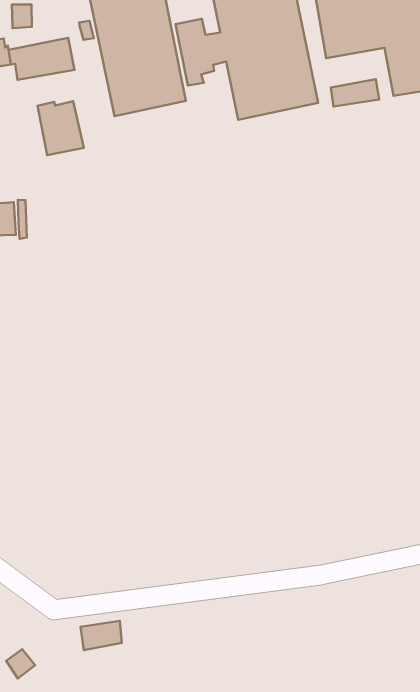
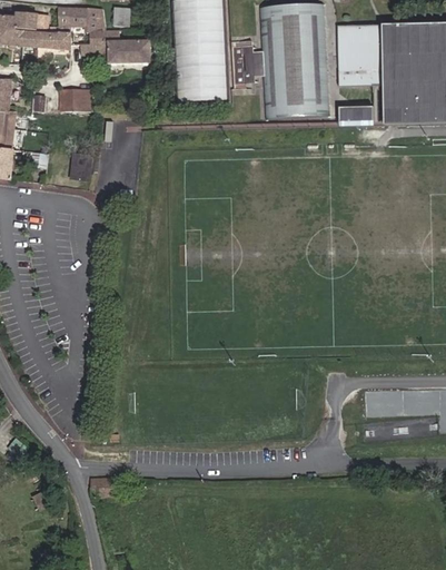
building: [38,101,84,155] -> none

